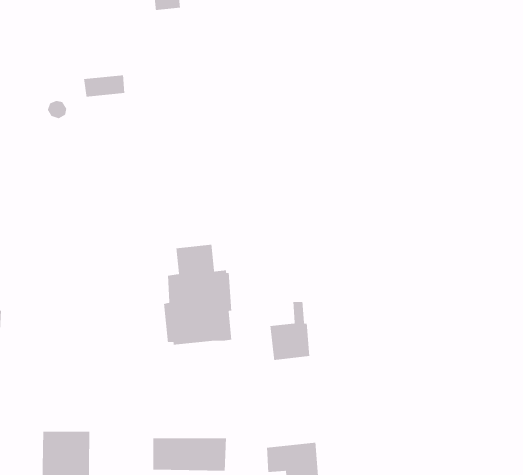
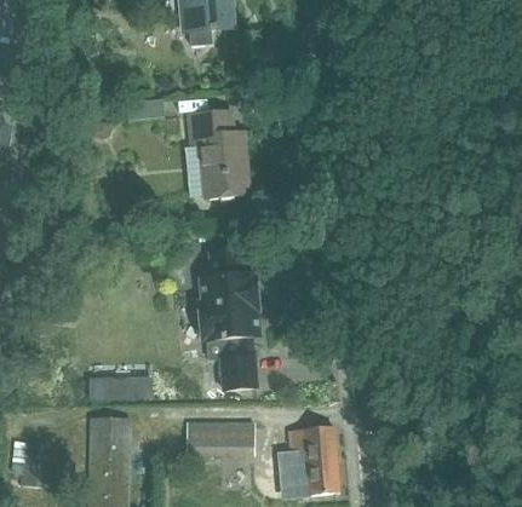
building: none -> [188,111,248,200]
building: [269,301,310,361] -> [219,338,256,391]
building: none -> [85,374,143,399]

